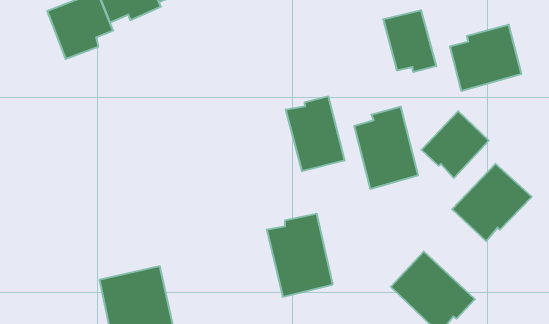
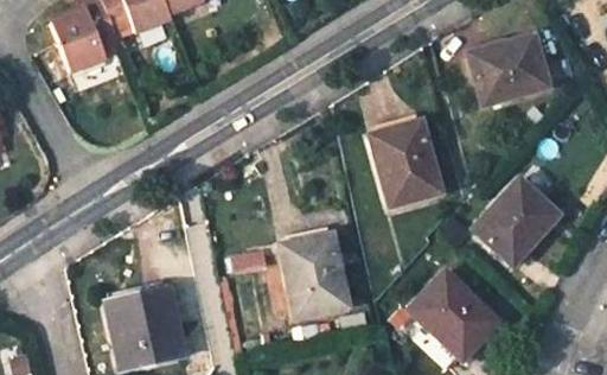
building: [383,10,436,72] -> none
building: [286,96,344,171] -> none
building: [421,111,489,178] -> none

